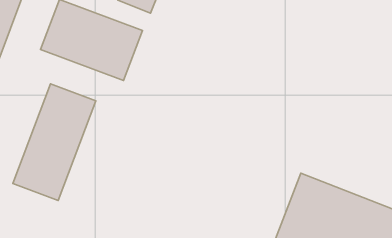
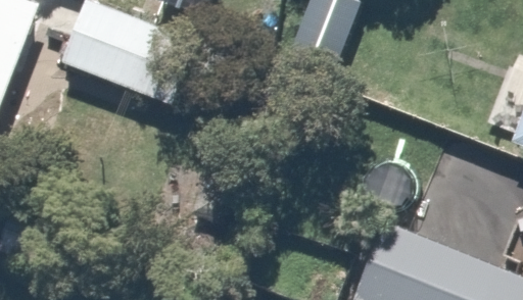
building: [13,84,96,201] -> none

